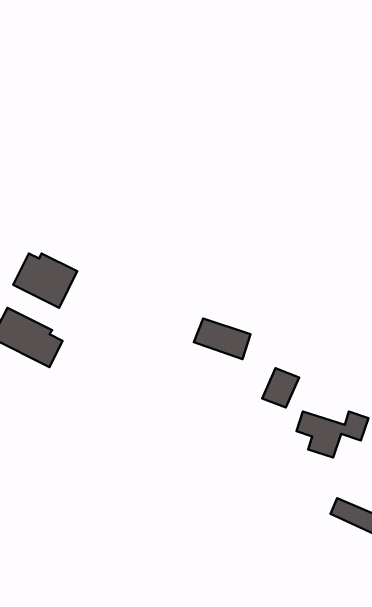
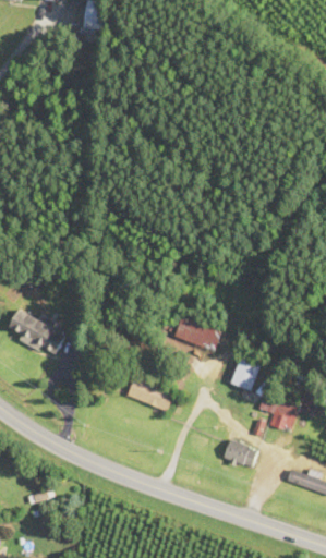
building: [13,253,77,308] -> none
building: none -> [126,377,173,412]
building: none -> [221,439,257,470]

